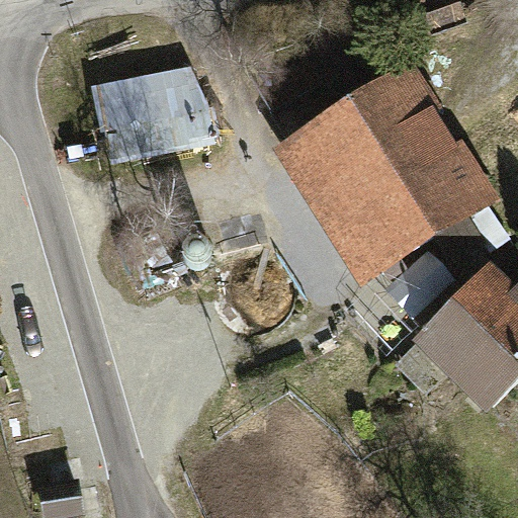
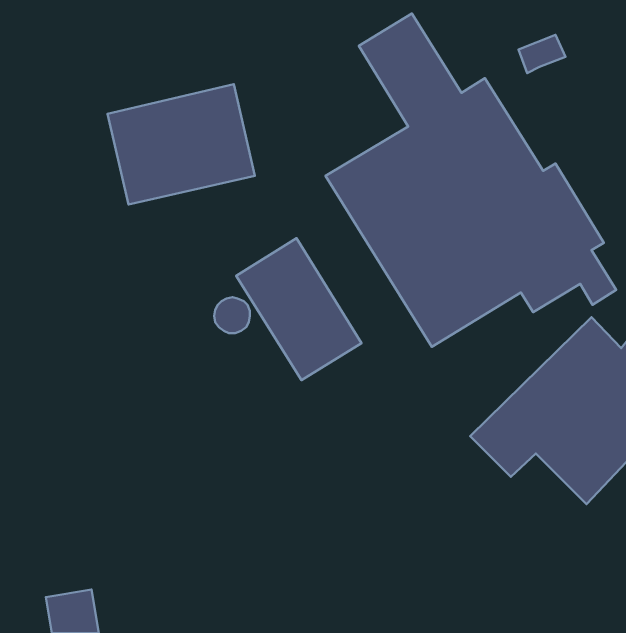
building: none -> [236,238,361,380]

